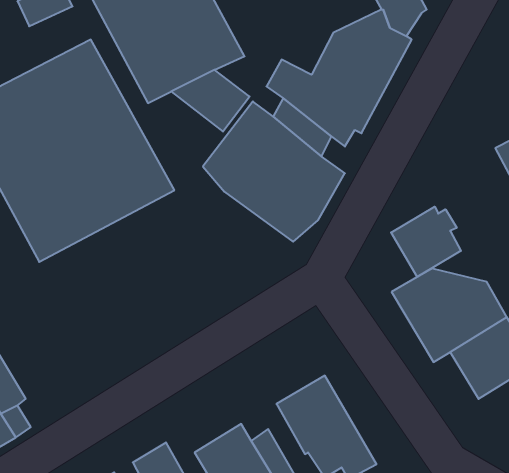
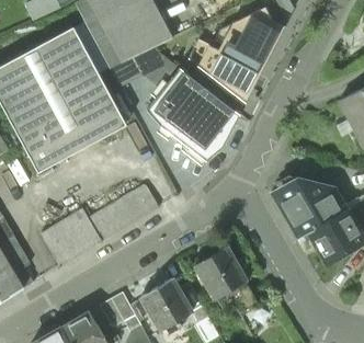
building: [391,207,461,277] -> none
building: none -> [41,185,159,266]

